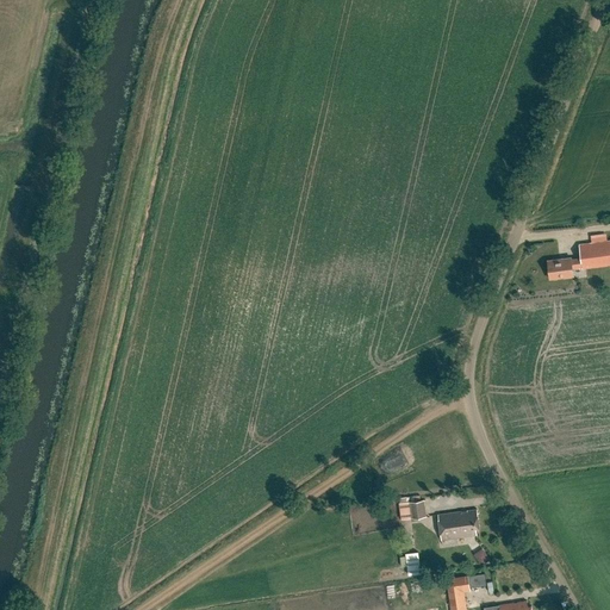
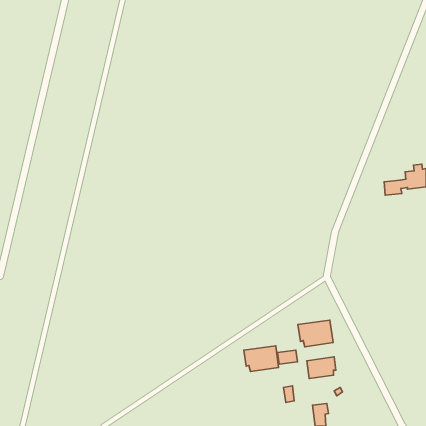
building: none -> [298,320,333,347]
building: none -> [244,346,279,371]

